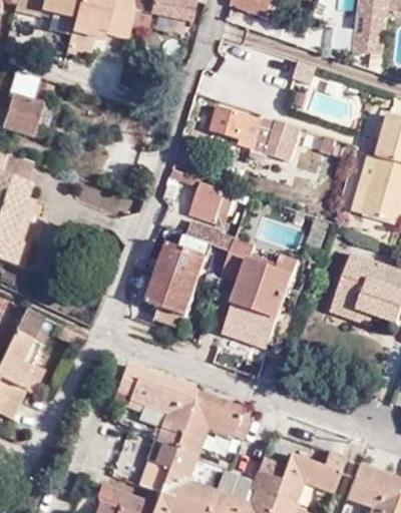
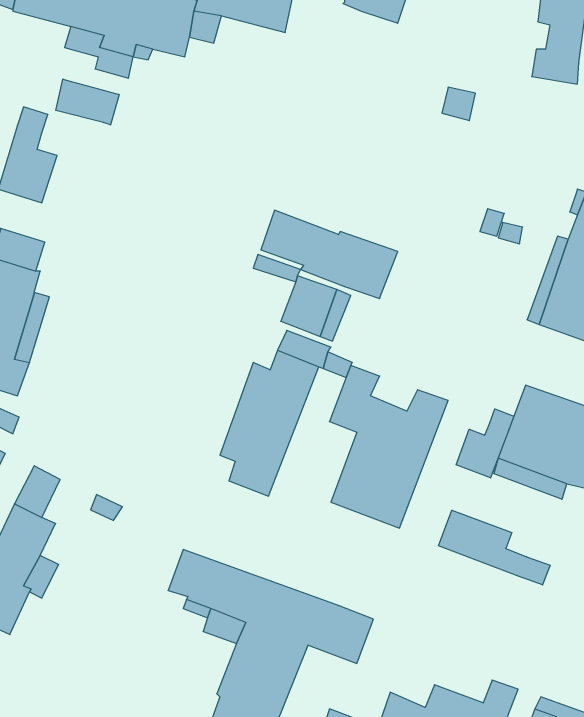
building: none -> [56,79,119,125]
building: [214,103,304,161] -> [261,210,398,299]
building: none -> [456,409,514,478]
building: none -> [438,510,550,585]

